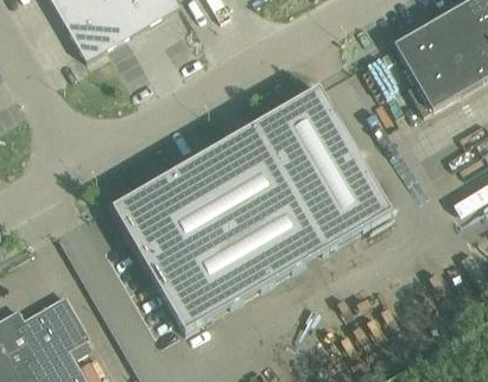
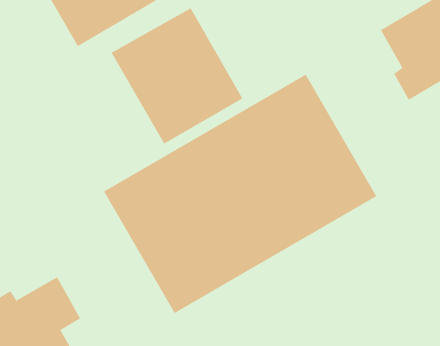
building: none -> [111,8,243,144]

